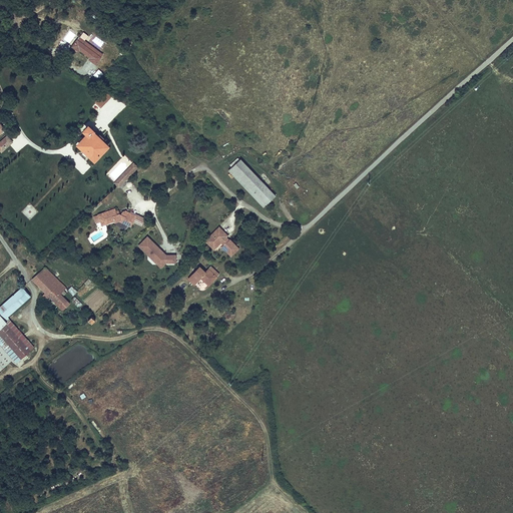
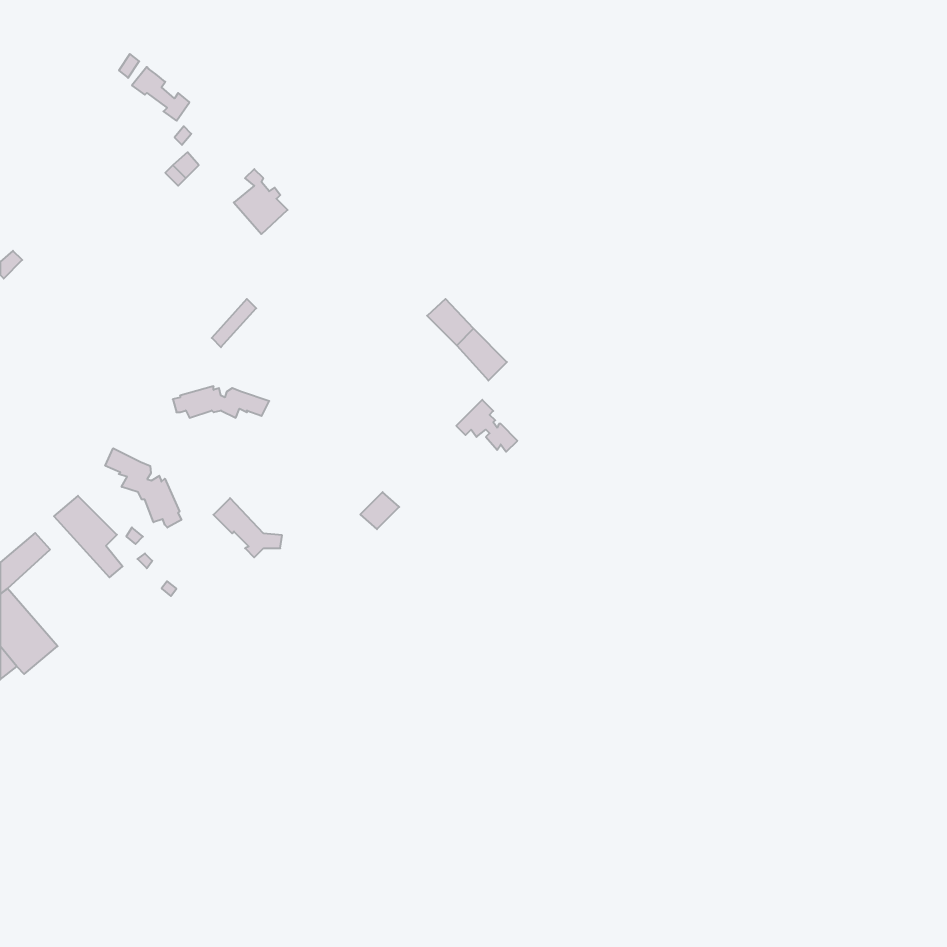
building: [75,119,104,154] -> [234,169,288,234]
building: [206,229,239,258] -> [456,400,517,452]
building: [140,235,177,268] -> [213,498,282,557]
building: none -> [105,448,181,528]

